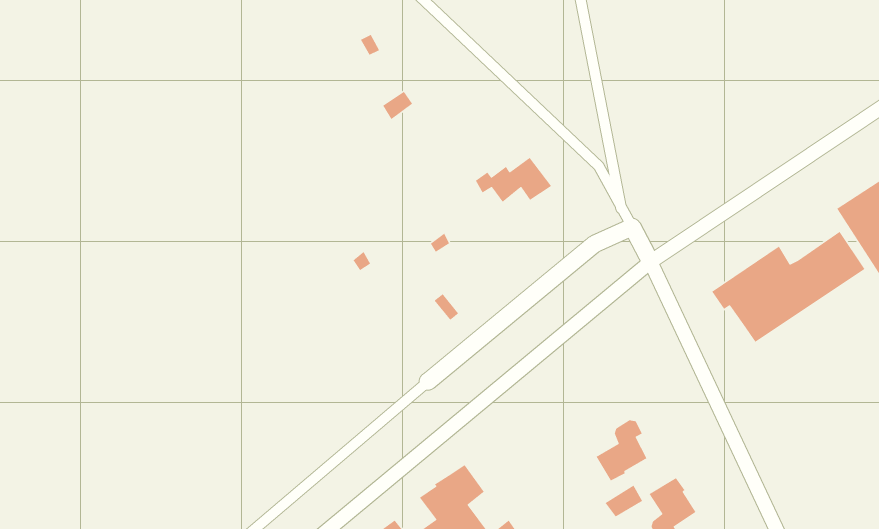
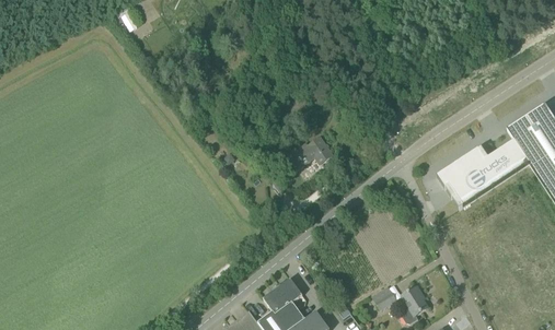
building: [475,157,552,203] -> [287,138,333,165]
building: [595,420,648,482] -> none

